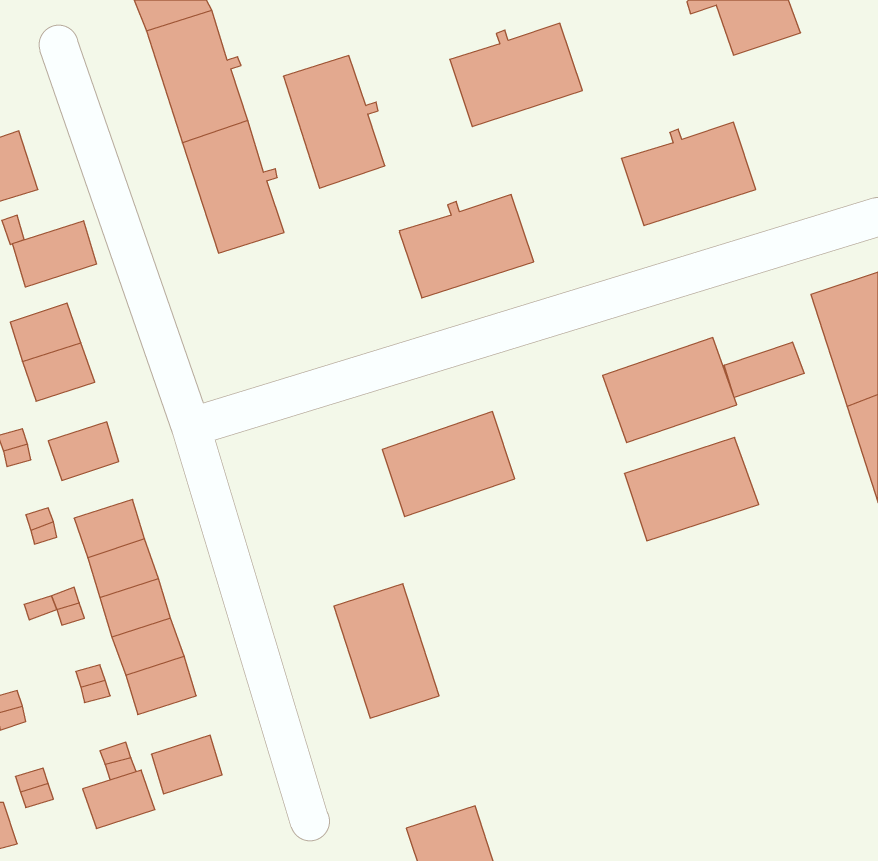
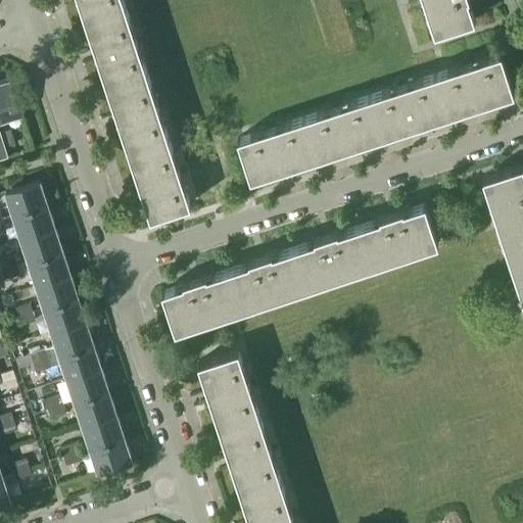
building: [450,23,582,127] -> [303,105,382,167]
building: [283,56,385,188] -> [130,149,190,228]
building: none -> [435,62,515,124]
building: [13,221,97,287] -> none
building: [724,342,804,397] -> none
building: none -> [21,238,63,273]
building: [624,437,759,541] -> [292,234,372,295]
building: none -> [160,278,240,339]
building: none -> [37,285,79,319]
building: none -> [220,424,282,503]
building: [83,770,155,829] -> [82,424,125,459]

